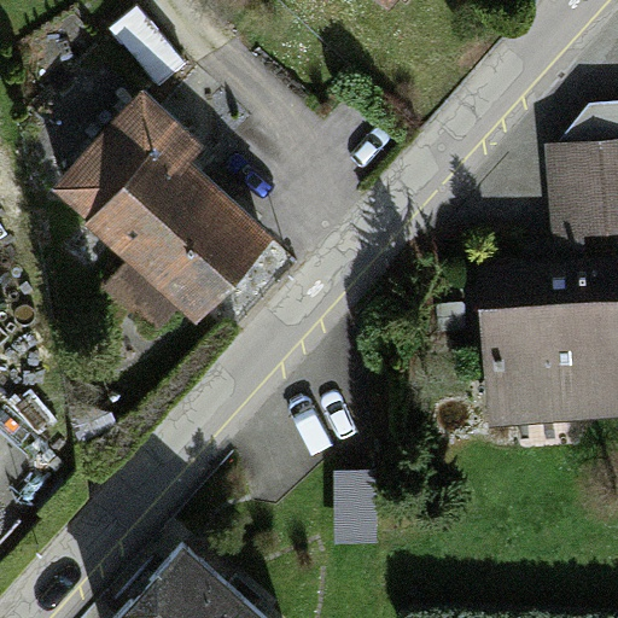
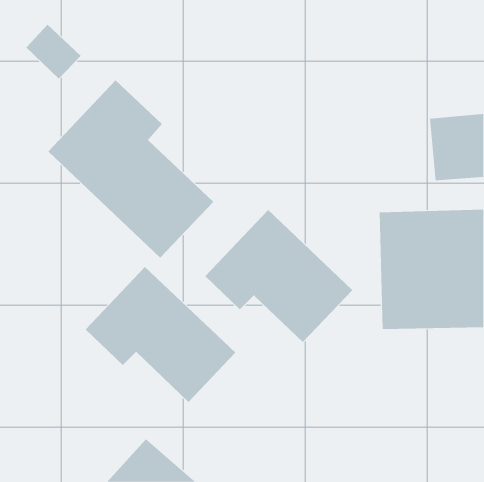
building: none -> [204,209,353,343]
building: none -> [85,266,236,403]

